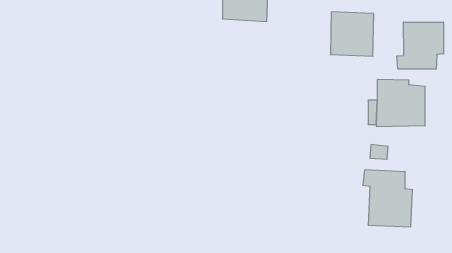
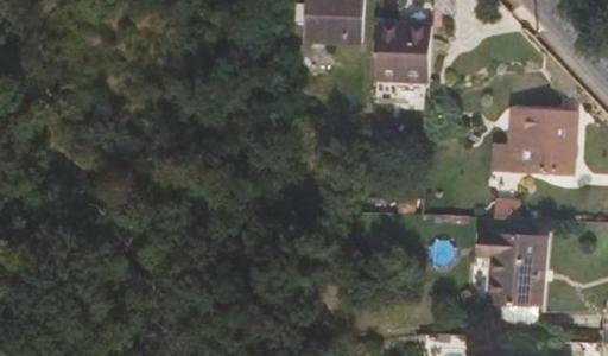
building: [330,12,374,56] -> [372,20,429,78]
building: [397,22,444,69] -> none

